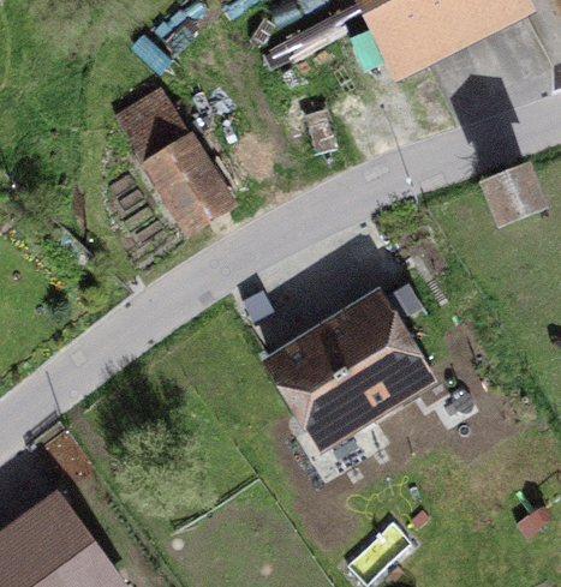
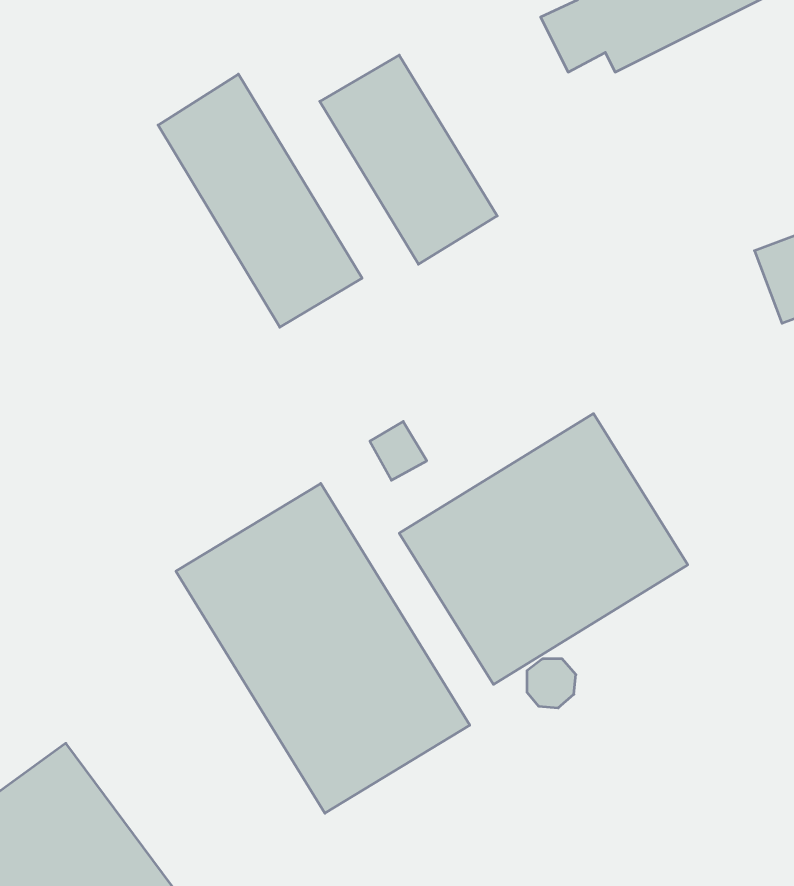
building: none -> [320,55,497,264]
building: none -> [176,483,470,813]

